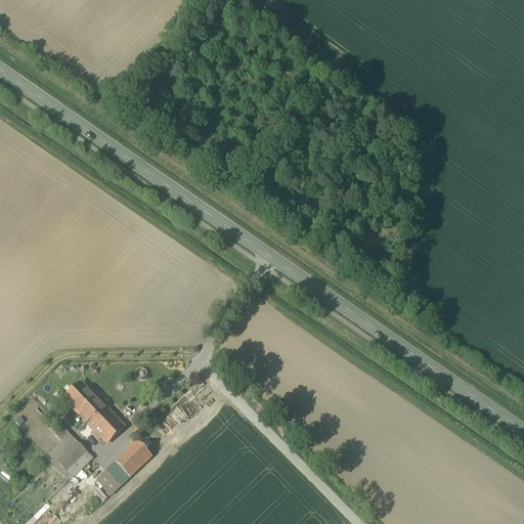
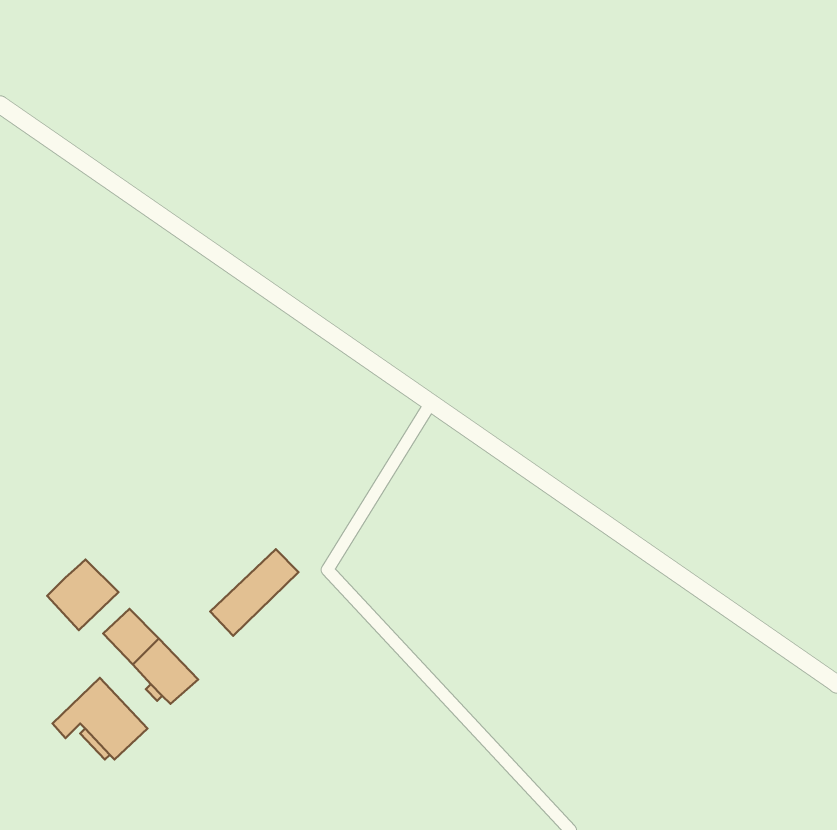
building: none -> [47,560,119,630]
building: [96,439,151,493] -> [210,549,299,636]

